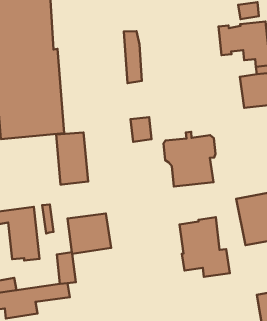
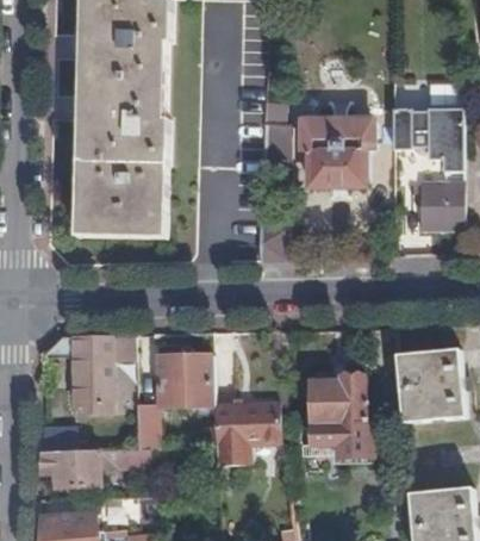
building: [163,132,216,186] -> [300,111,372,185]
building: [56,132,88,185] -> none
building: none -> [212,403,280,466]

